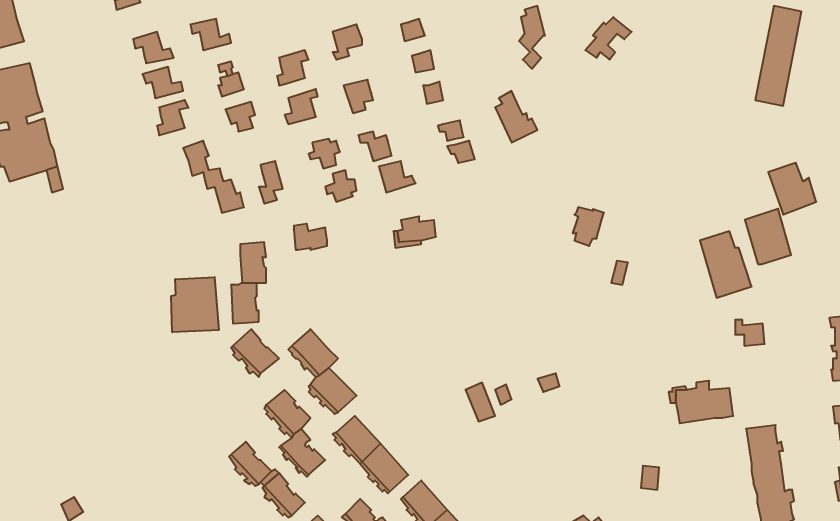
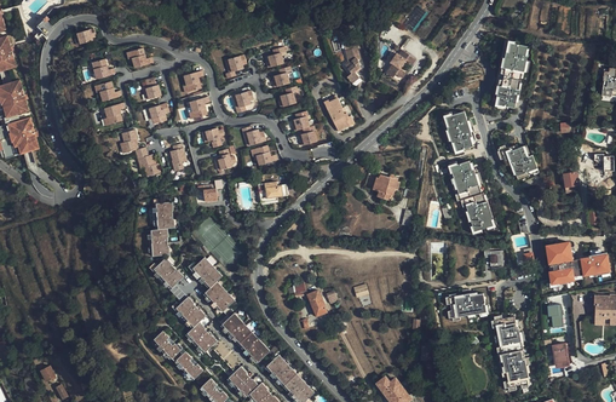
building: none -> [443,111,474,153]
building: [745,209,791,264] -> [450,160,480,196]
building: [171,277,219,332] -> none

